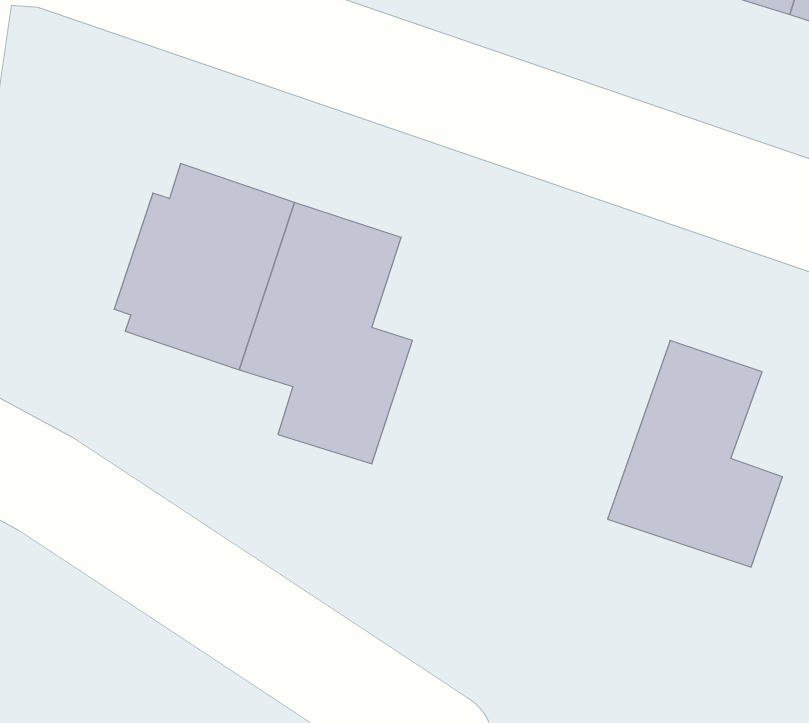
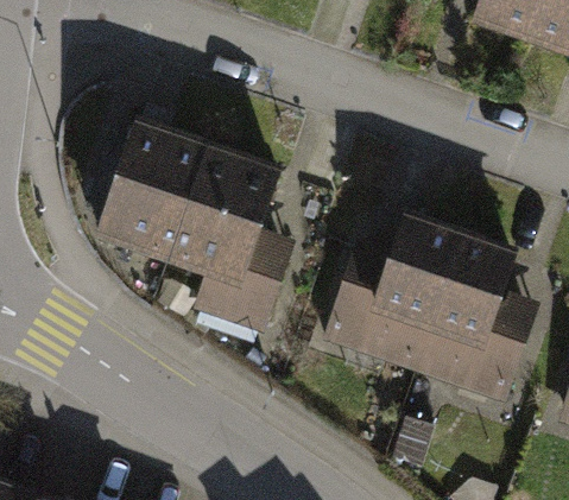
building: none -> [335,229,456,361]

